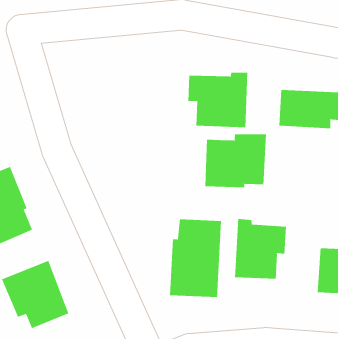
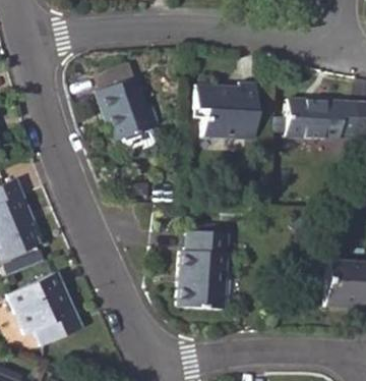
building: none -> [98,78,158,153]
building: [205,134,267,188] -> none
building: [235,218,286,280] -> none

